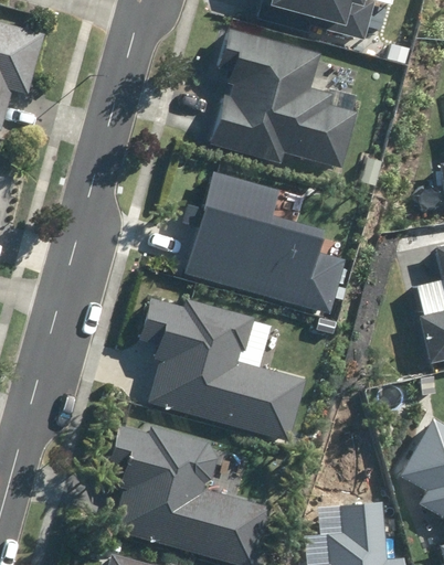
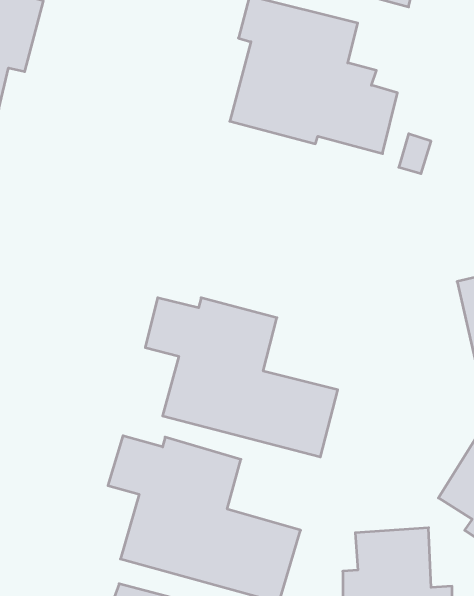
building: [182,169,338,309] -> none

